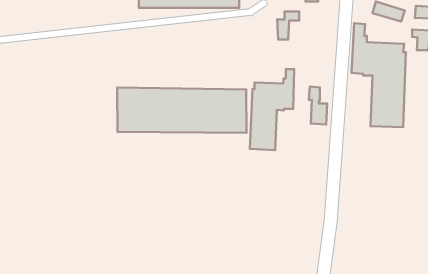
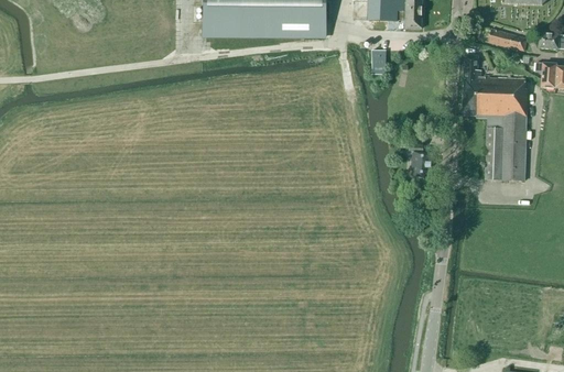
building: [250,69,294,150] -> none
building: [117,87,246,133] -> none

